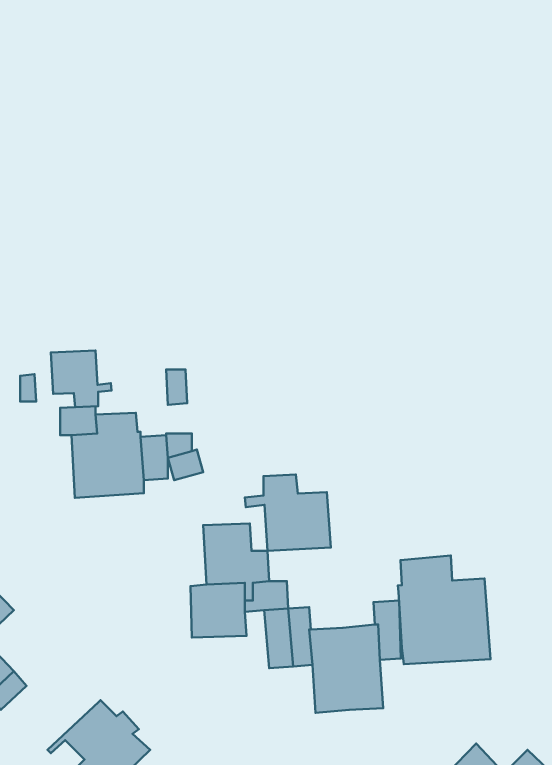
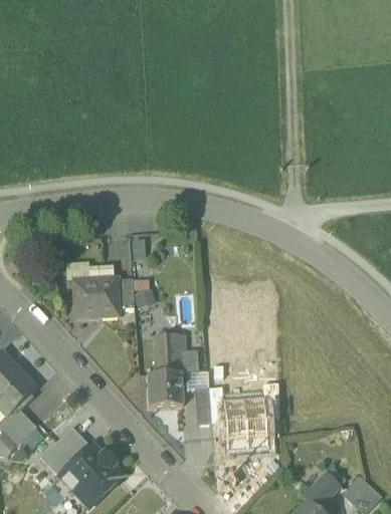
building: [51,351,111,407] -> none
building: [245,474,331,551] -> none
building: [398,556,491,664] -> none
building: none -> [39,427,89,476]

